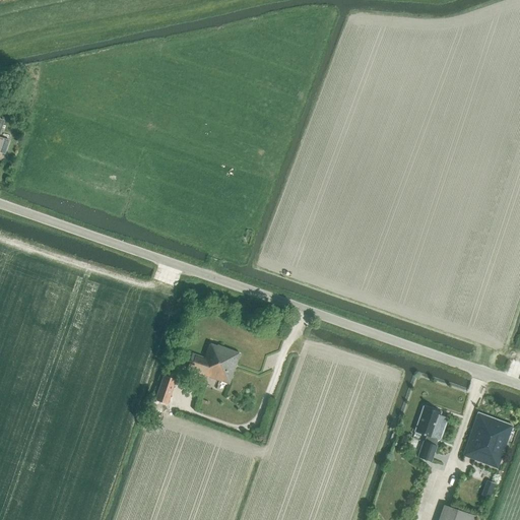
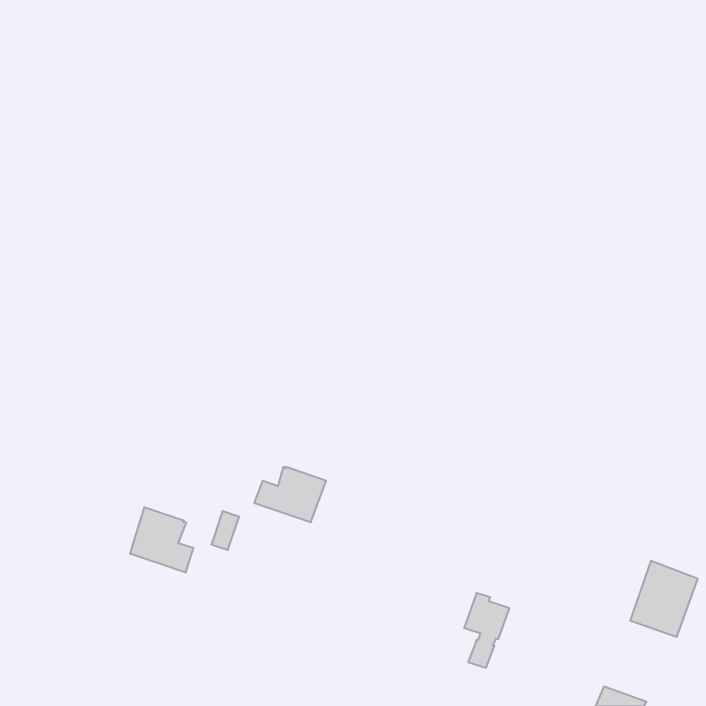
building: none -> [130,507,193,573]
building: [414,406,448,461] -> [464,593,510,668]

